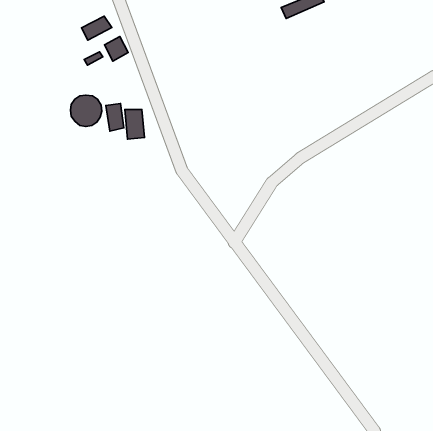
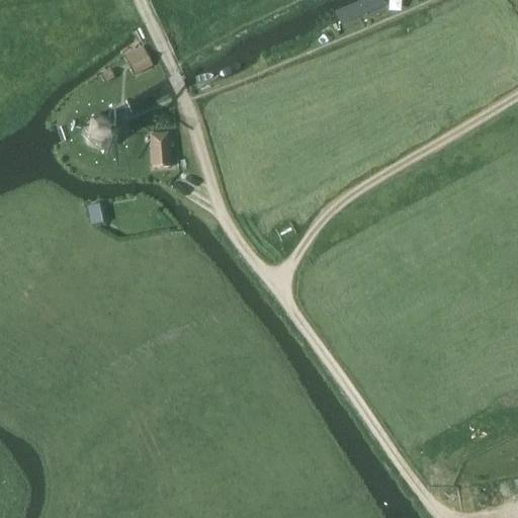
building: [82,16,112,40] -> none
building: [106,104,124,131] -> none

